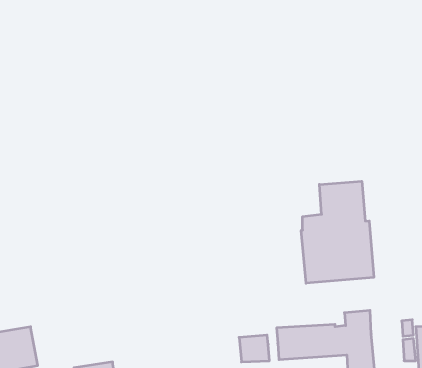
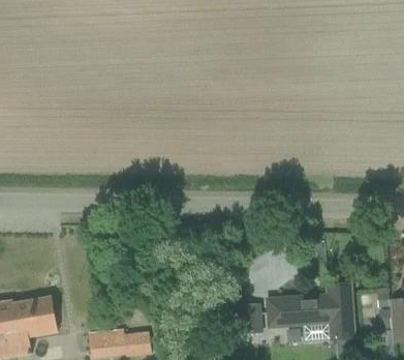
building: [301,181,374,283] -> none

